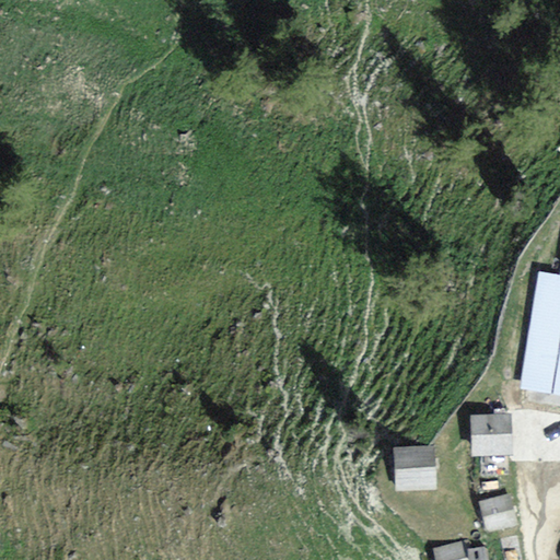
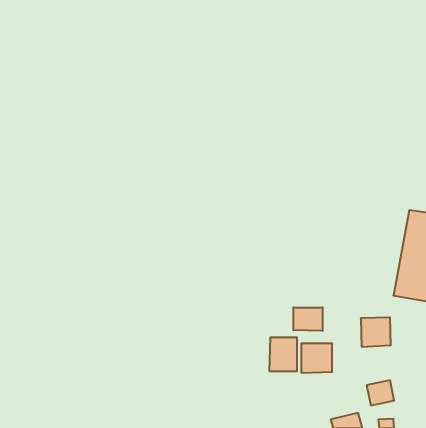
building: none -> [293,307,323,331]
building: none -> [270,337,297,371]

